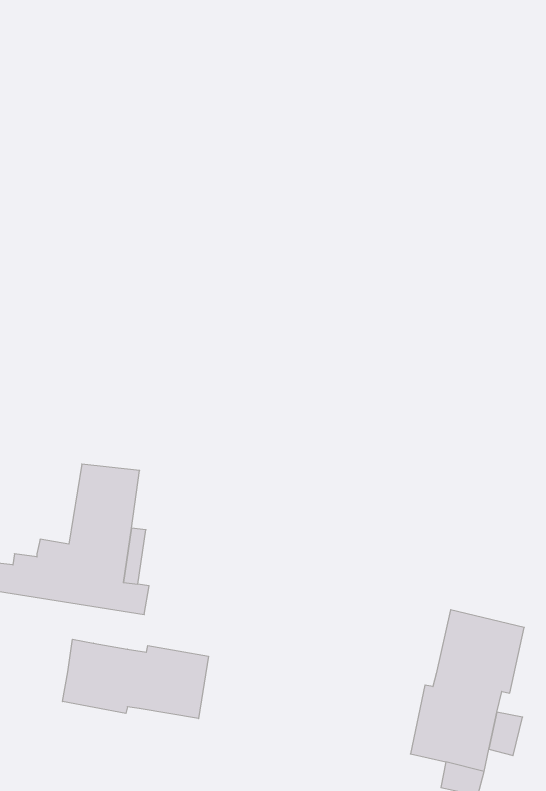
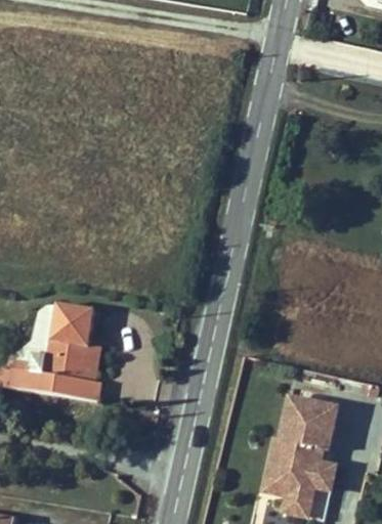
building: [63,639,208,719] -> none

